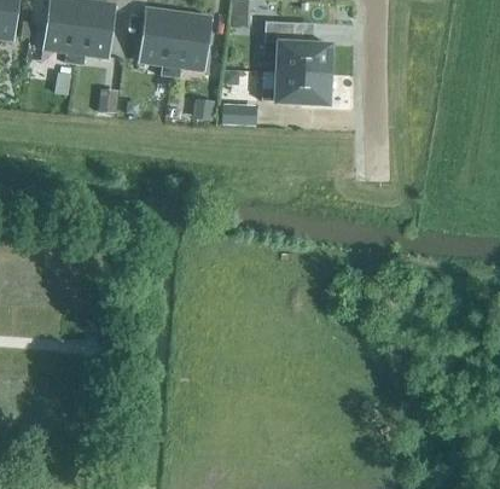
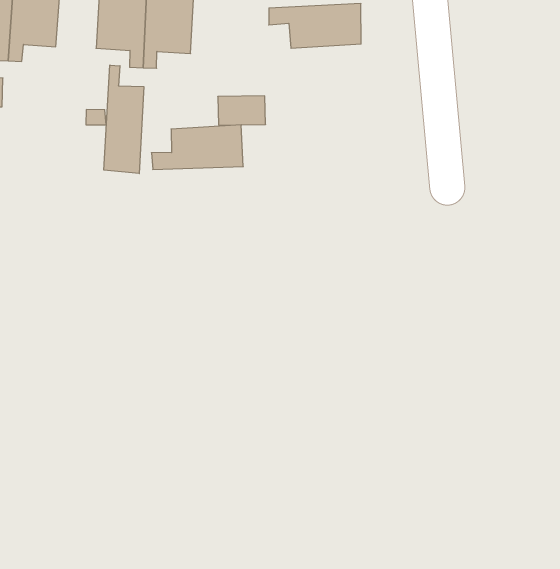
building: [262,71,329,103] -> [151,125,243,169]
building: none -> [104,65,144,174]

